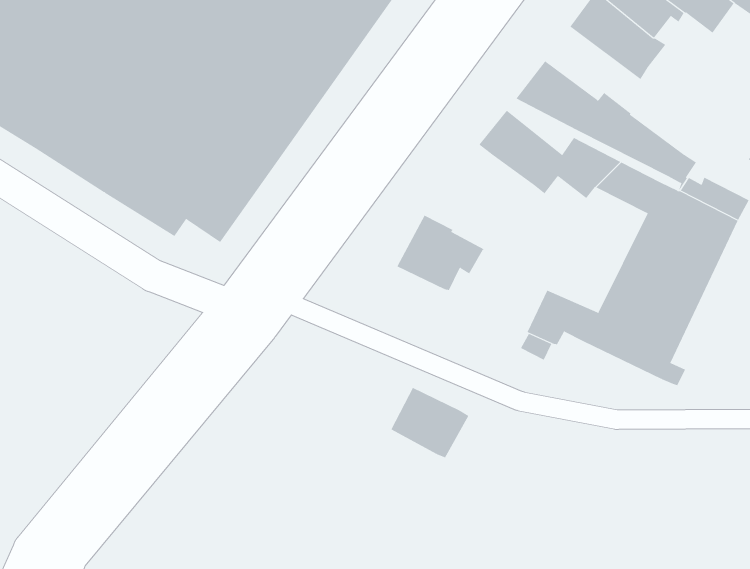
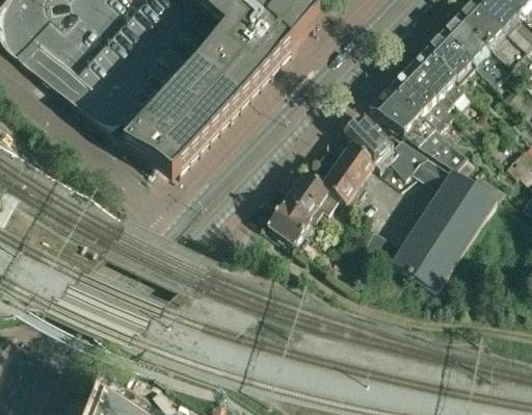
building: none -> [391,67,454,125]
building: none -> [321,138,374,201]
building: [390,387,469,458] -> [268,199,317,244]

